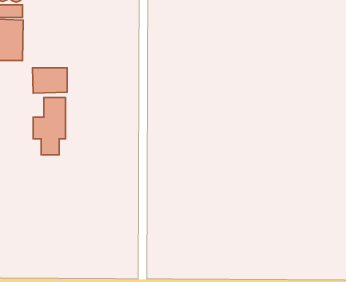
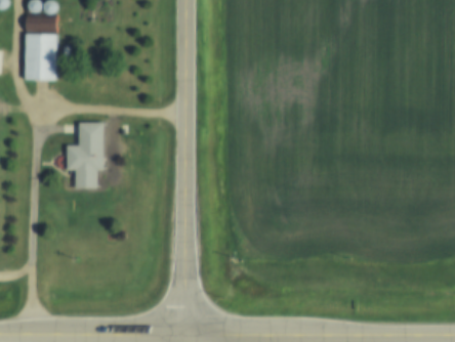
building: [33,68,67,93] -> none

